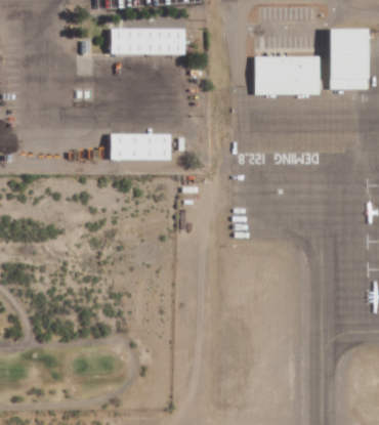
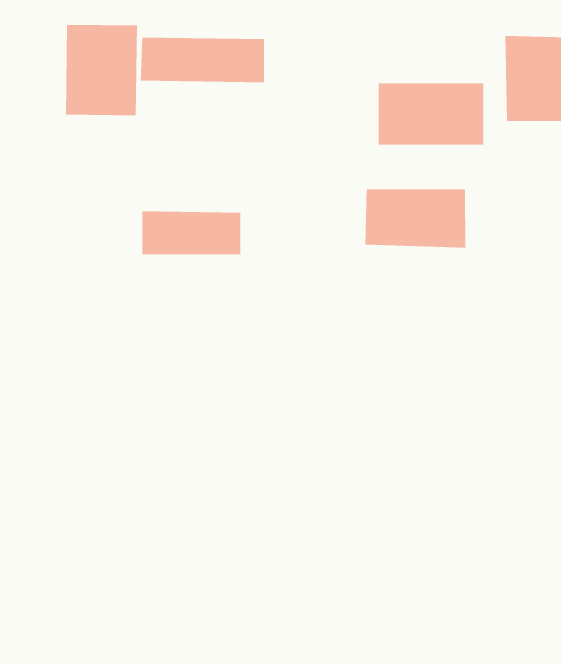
building: none -> [65,24,137,116]
building: none -> [365,188,466,248]

